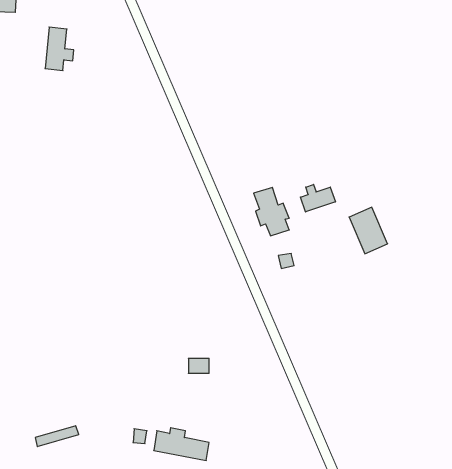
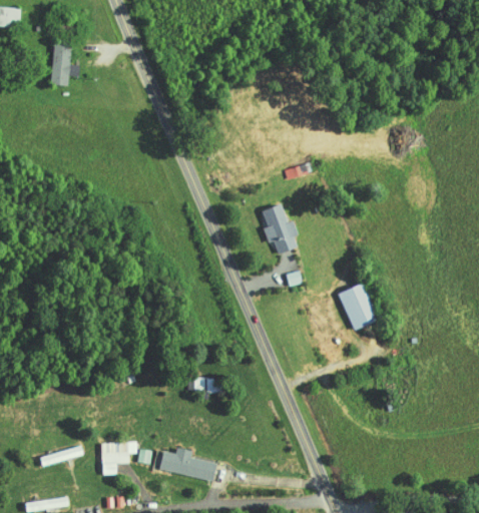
building: [300,184,335,212] -> none
building: [349,207,388,254] -> [339,283,378,330]
building: none -> [102,442,138,475]

